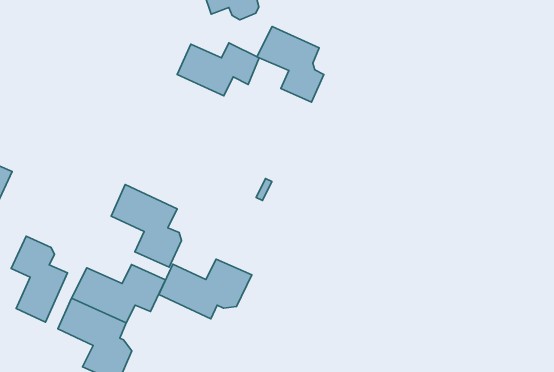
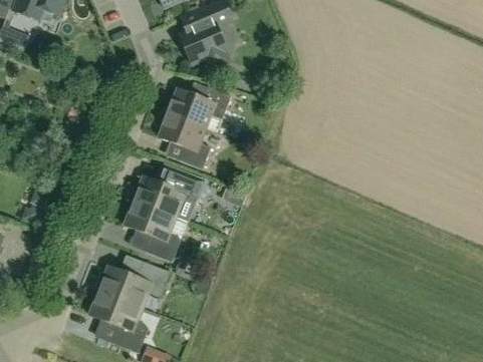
building: [257,26,324,102] -> [158,112,210,168]
building: [11,236,67,322] -> none
building: [159,259,252,319] -> [134,169,204,216]

